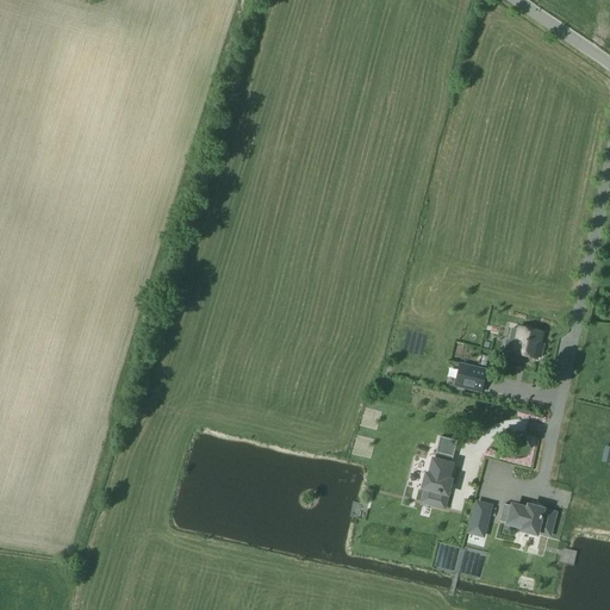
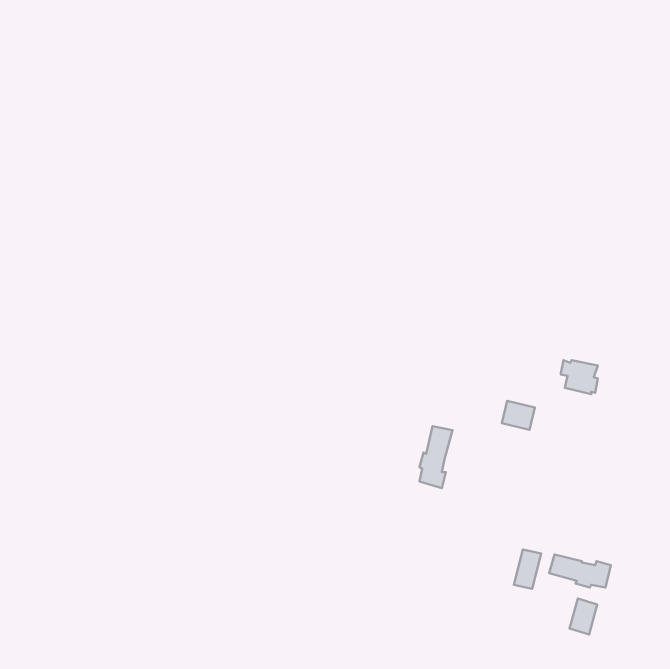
building: [424,450,454,506] -> [420,426,452,488]
building: none -> [570,599,597,634]

